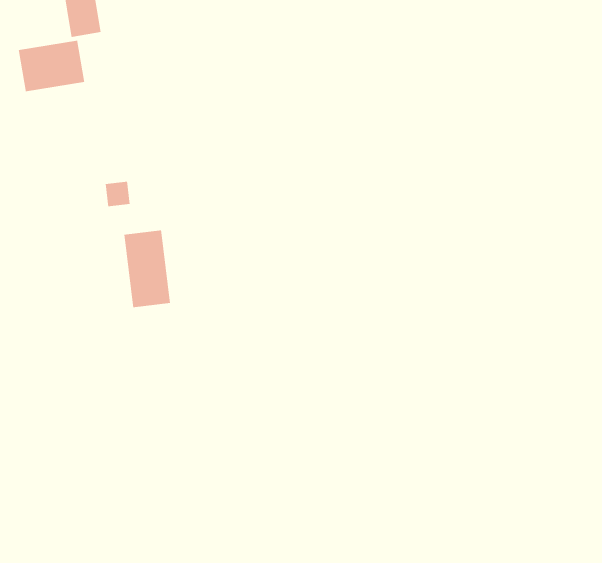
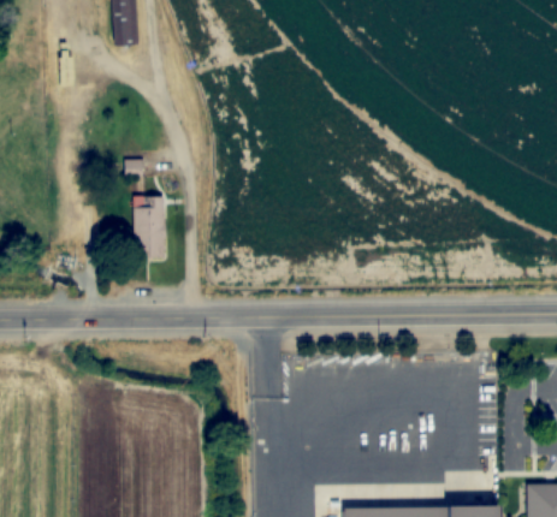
building: [18,40,85,92] -> none

